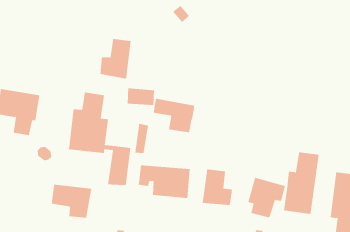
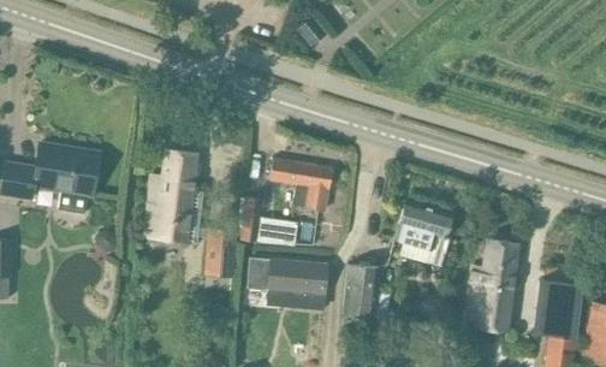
building: [100,38,131,79] -> none
building: [127,88,155,106] -> [261,217,303,243]
building: [247,177,286,218] -> [394,201,452,262]
building: [51,184,92,219] -> none

